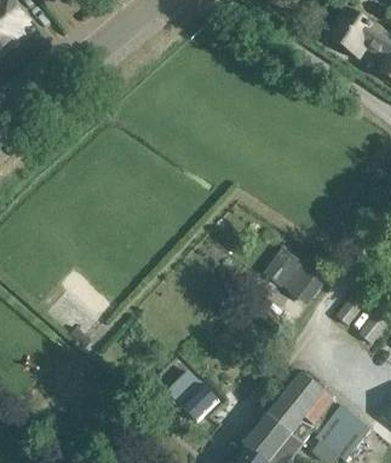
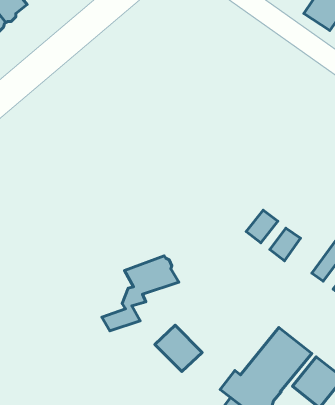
building: none -> [102,256,179,331]

